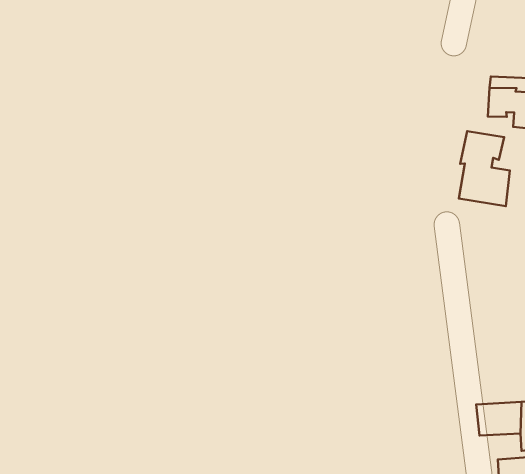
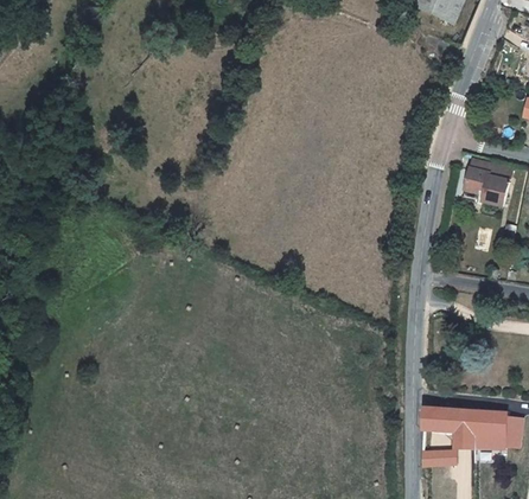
building: [459,131,510,206] -> none

